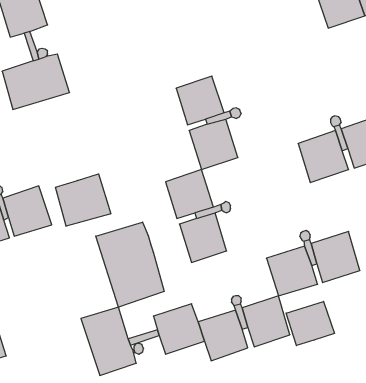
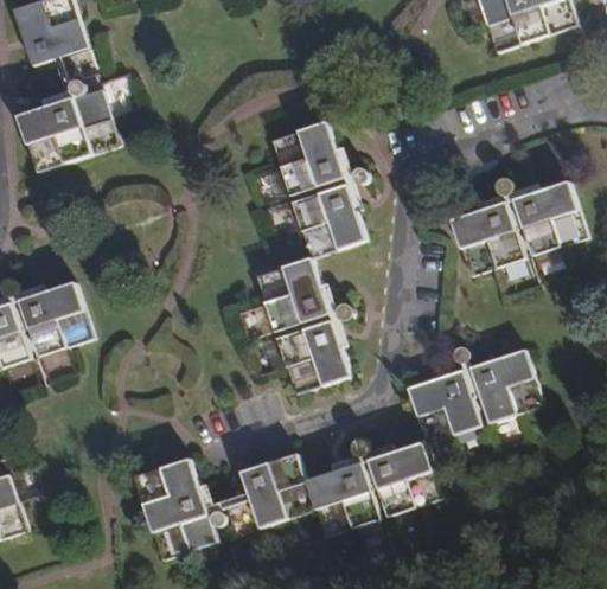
building: [56,174,111,226] -> none
building: [96,222,164,307] -> none
building: [286,301,335,346] -> none

